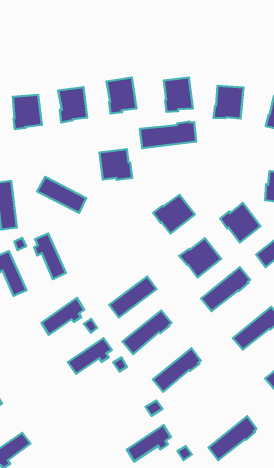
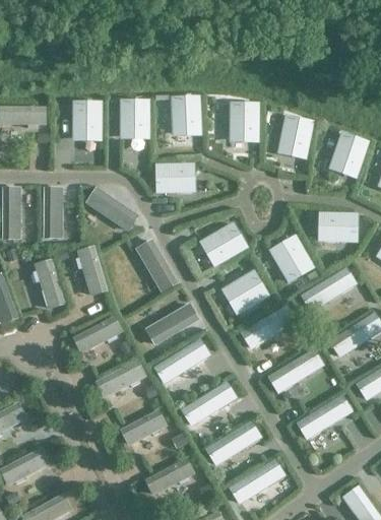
building: [140,122,196,148] -> none
building: none -> [136,240,176,290]
building: none -> [122,409,169,444]
building: none -> [206,422,259,464]

